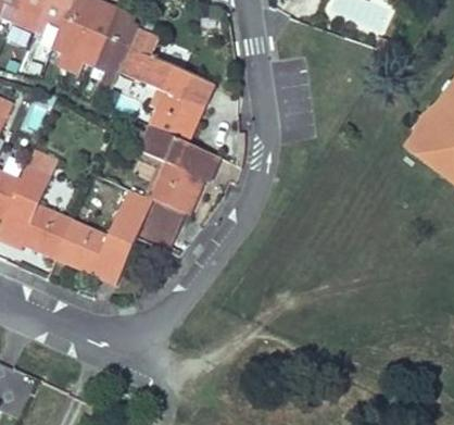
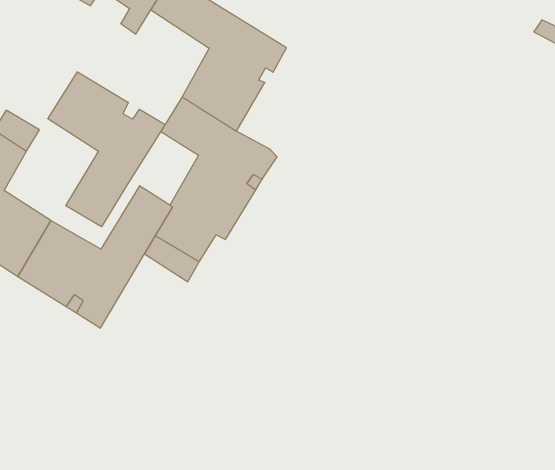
building: none -> [48,72,165,227]

